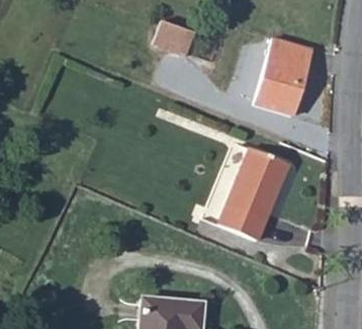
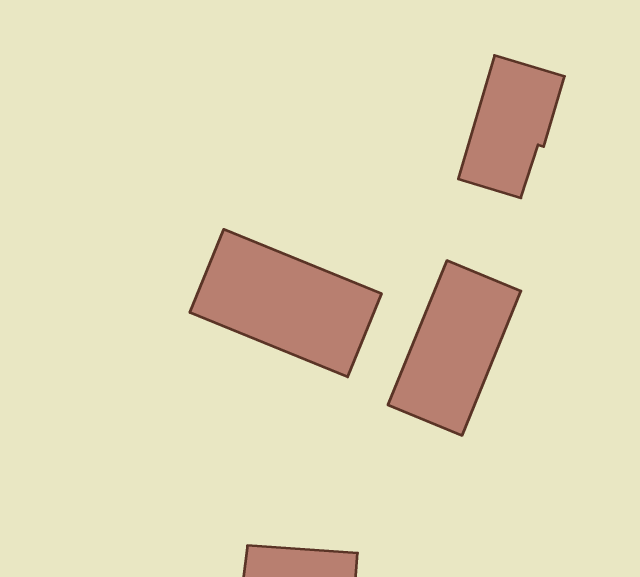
building: [155,20,197,56] -> none
building: none -> [190,229,381,377]

